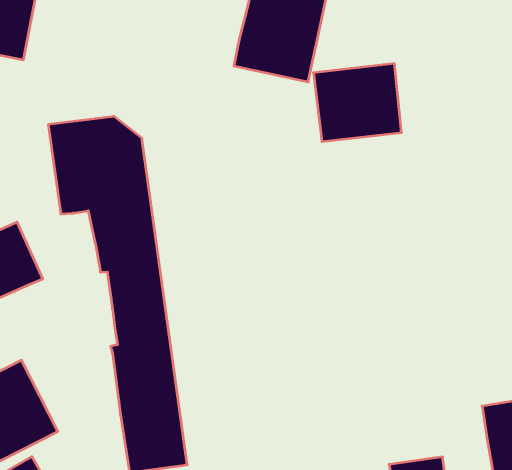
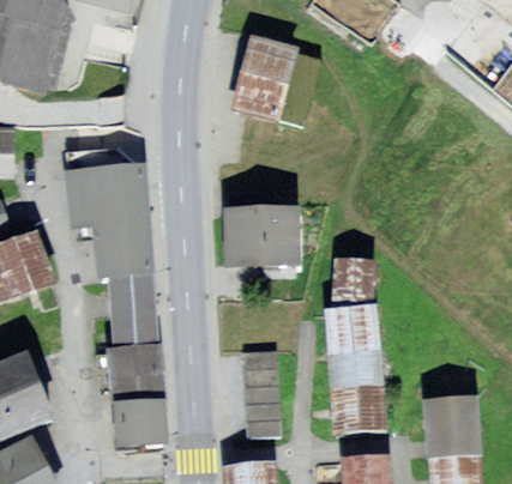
building: [313,64,402,142] -> [224,202,297,266]
building: none -> [326,270,388,442]
building: none -> [237,352,281,437]

